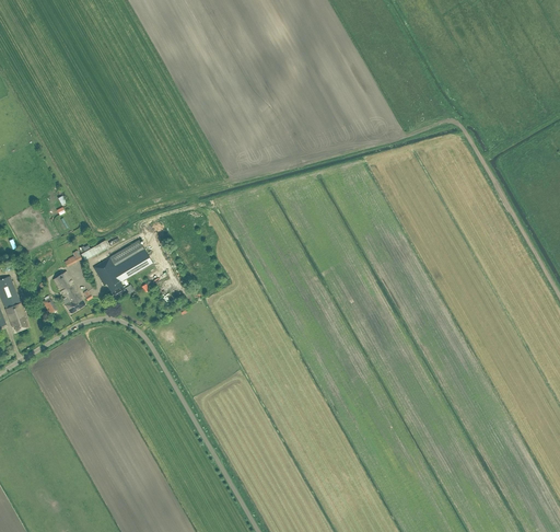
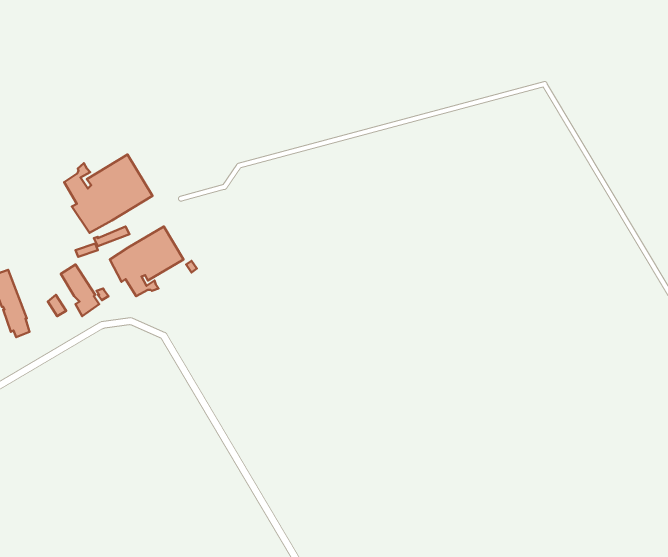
building: none -> [64,154,152,233]

